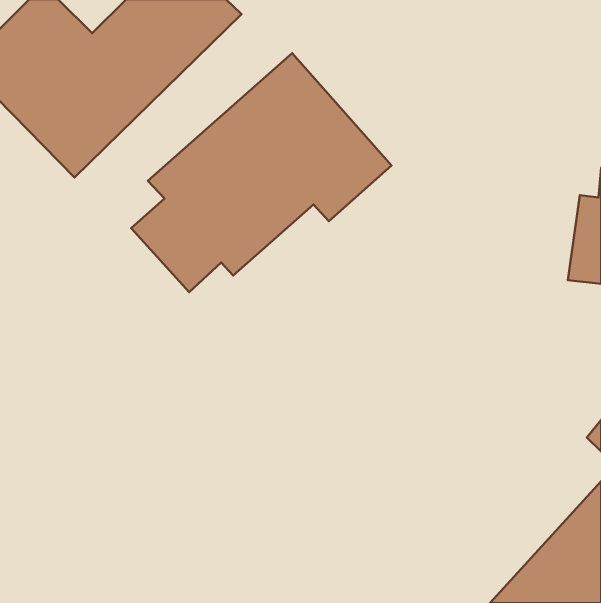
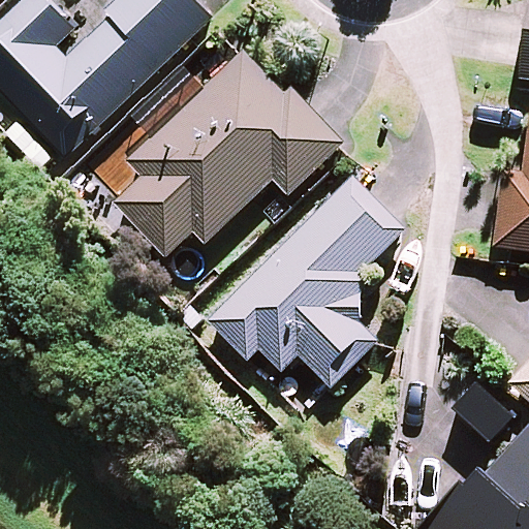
building: none -> [207,178,400,385]

